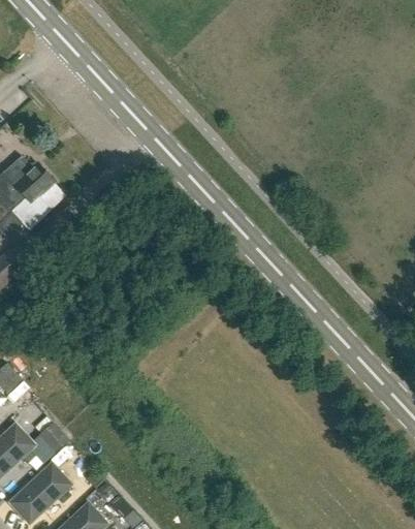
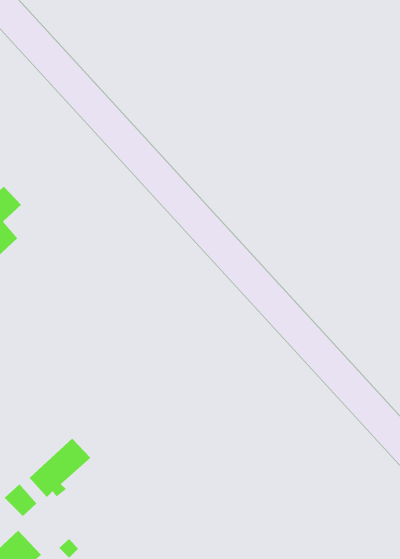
building: none -> [29,438,91,498]

